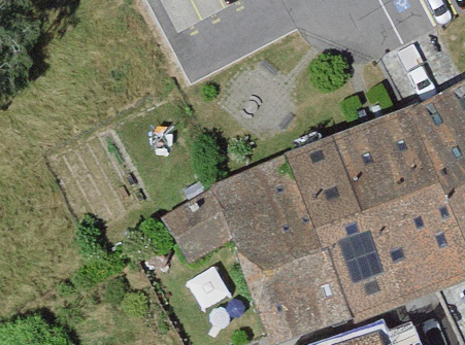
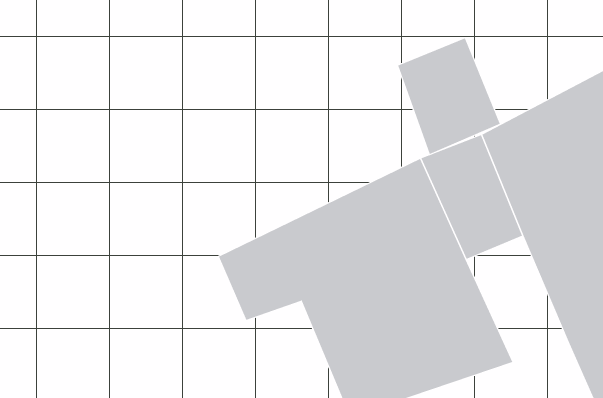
building: none -> [398,38,501,155]
building: [351,205,427,299] -> none

